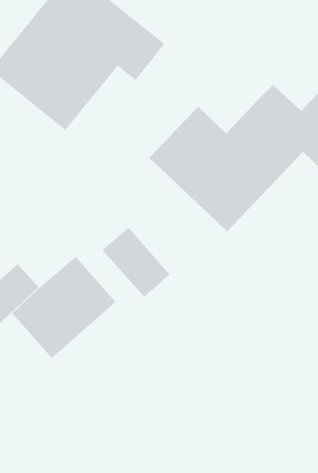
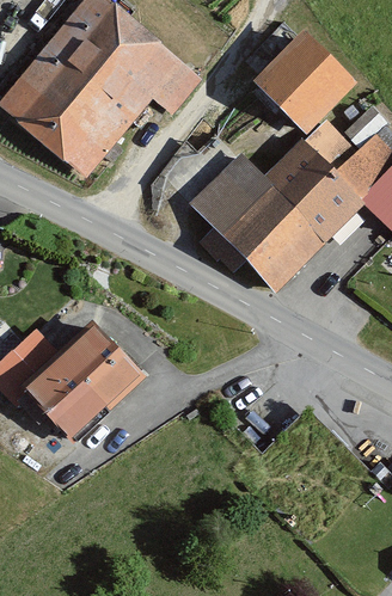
building: none -> [255,32,361,139]
building: [101,227,170,298] -> none

